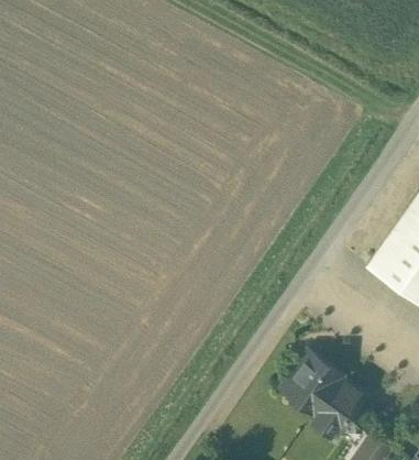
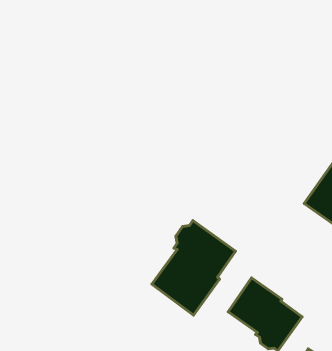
building: none -> [152,221,236,315]

